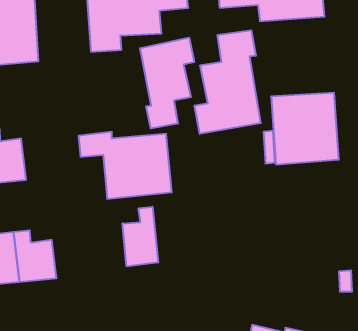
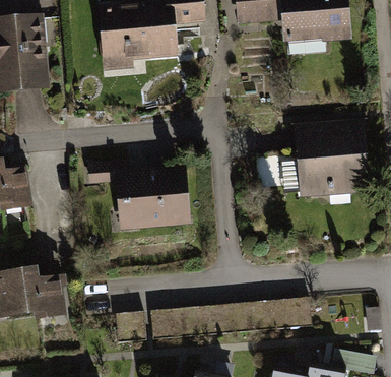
building: [195,30,261,134] -> none
building: [140,38,194,128] -> none
building: [122,207,158,266] -> none

